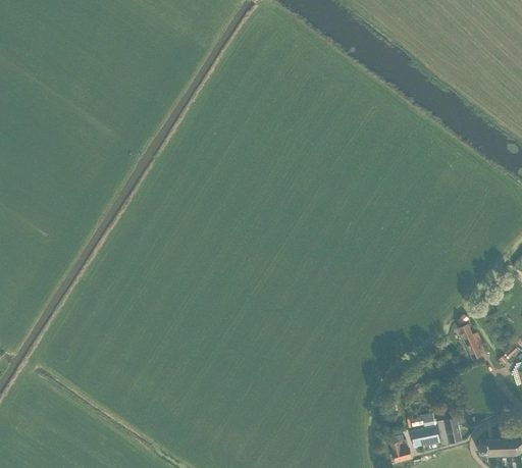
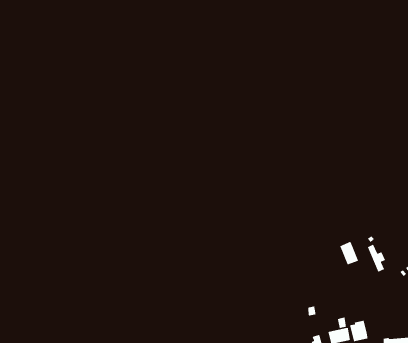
building: none -> [339,241,359,266]

